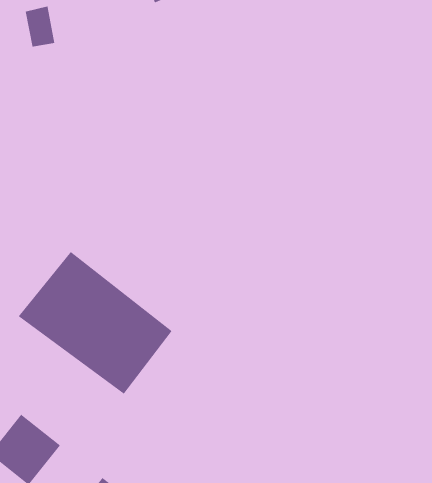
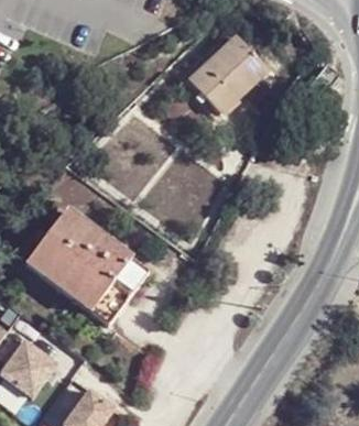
building: none -> [187,42,254,102]

